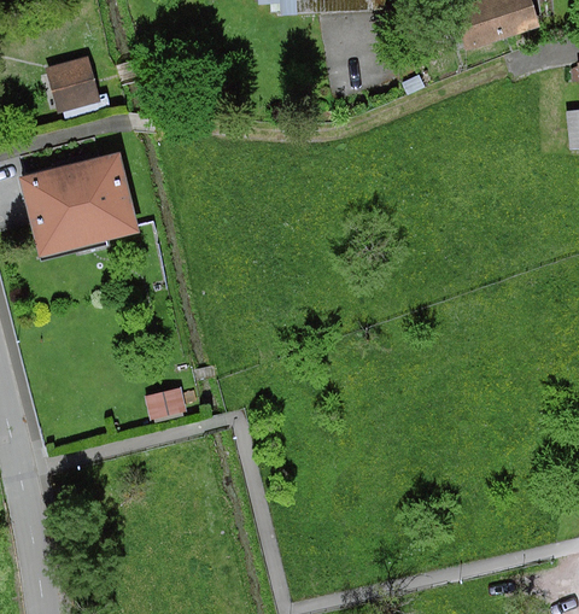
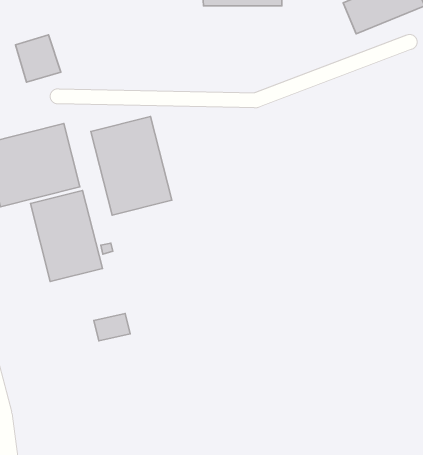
building: none -> [91,116,172,215]
building: none -> [30,191,102,282]

